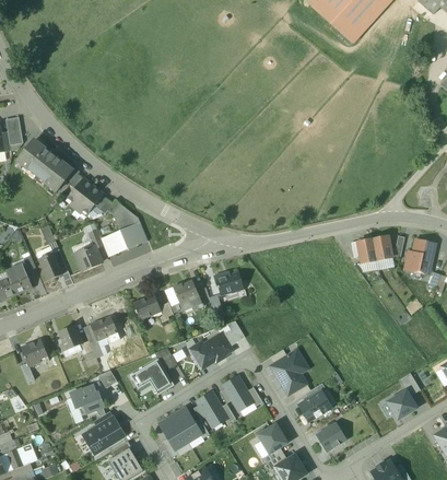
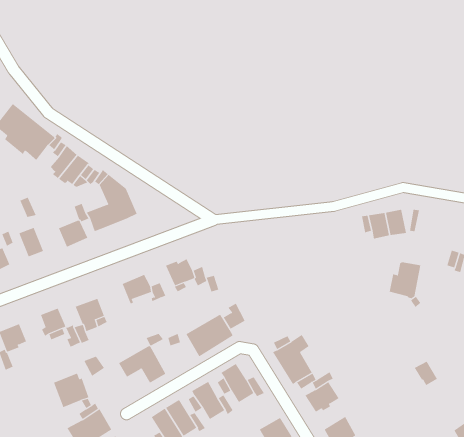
building: [404,239,434,273] -> [389,262,421,299]
building: [213,272,243,294] -> none
building: [387,390,416,419] -> none

